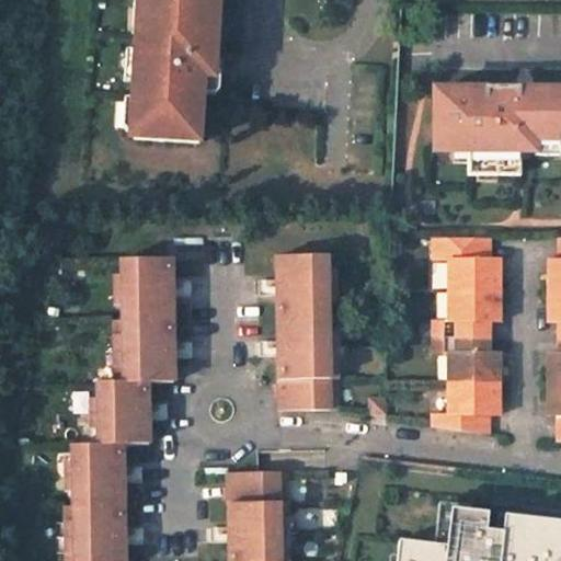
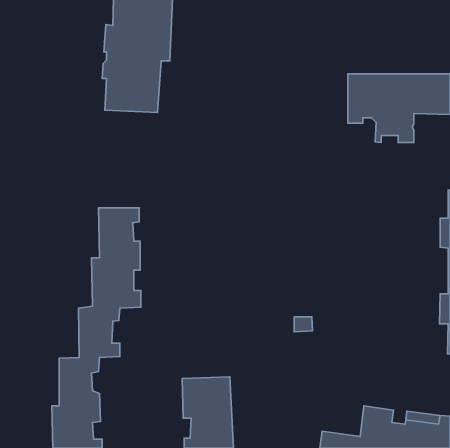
building: [432,237,499,433] -> none
building: [276,254,339,408] -> none

